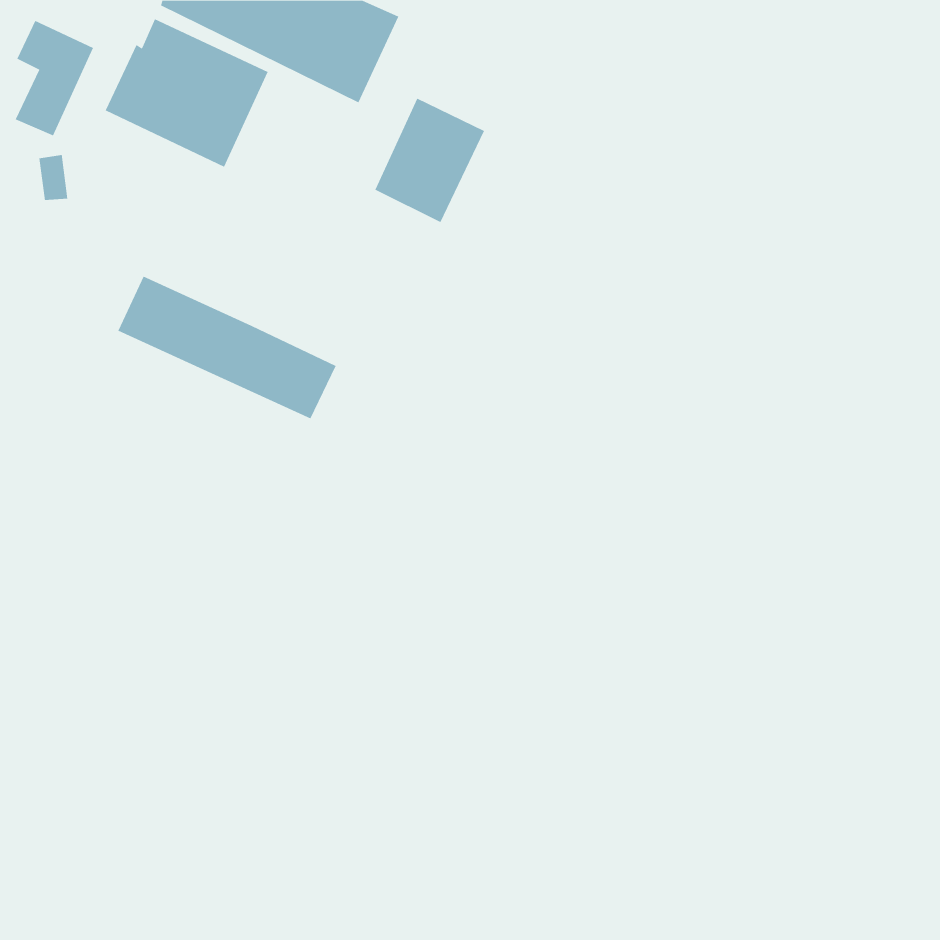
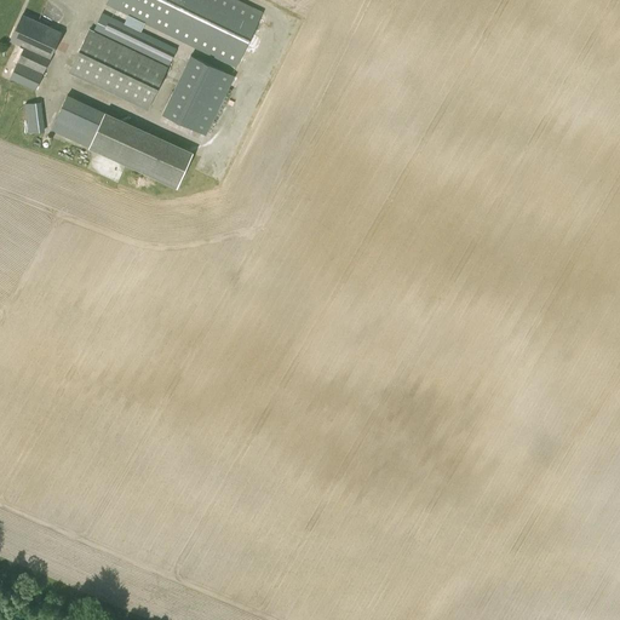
building: [374,98,485,223] -> [162,53,235,136]
building: [118,276,336,419] -> [50,93,194,188]

